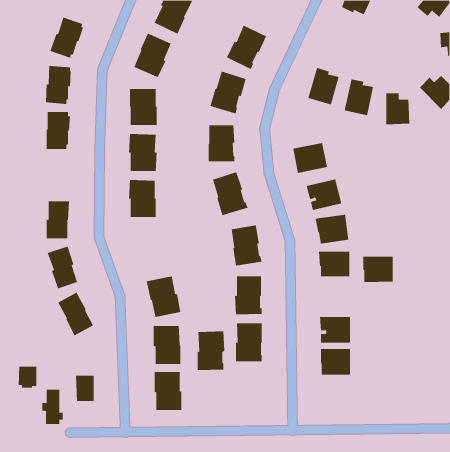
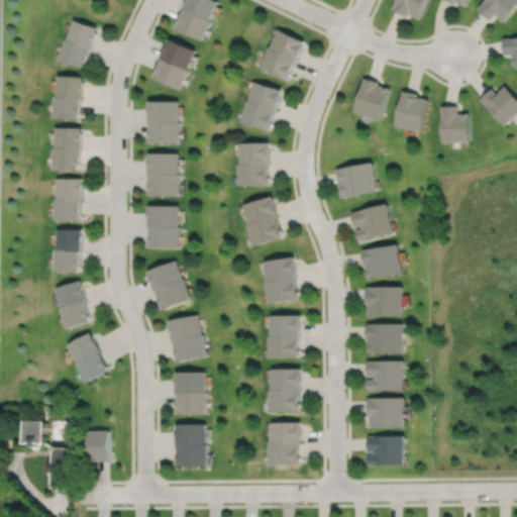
building: none -> [54,179,80,221]
building: none -> [145,260,191,311]
building: [363,256,393,283] -> [365,324,400,354]
building: [197,331,225,371] -> [269,422,301,468]
building: none -> [366,436,402,467]

